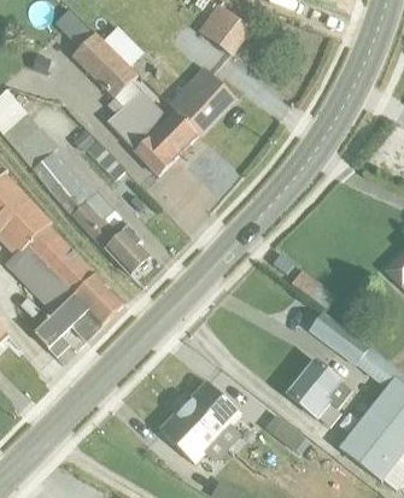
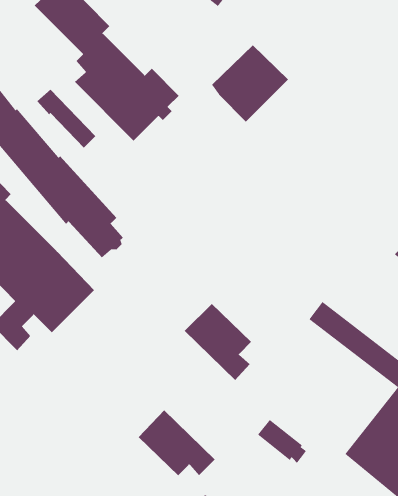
building: [166,65,234,133] -> [211,45,289,122]
building: [287,359,350,417] -> none
building: [183,381,242,449] -> [184,303,252,381]

